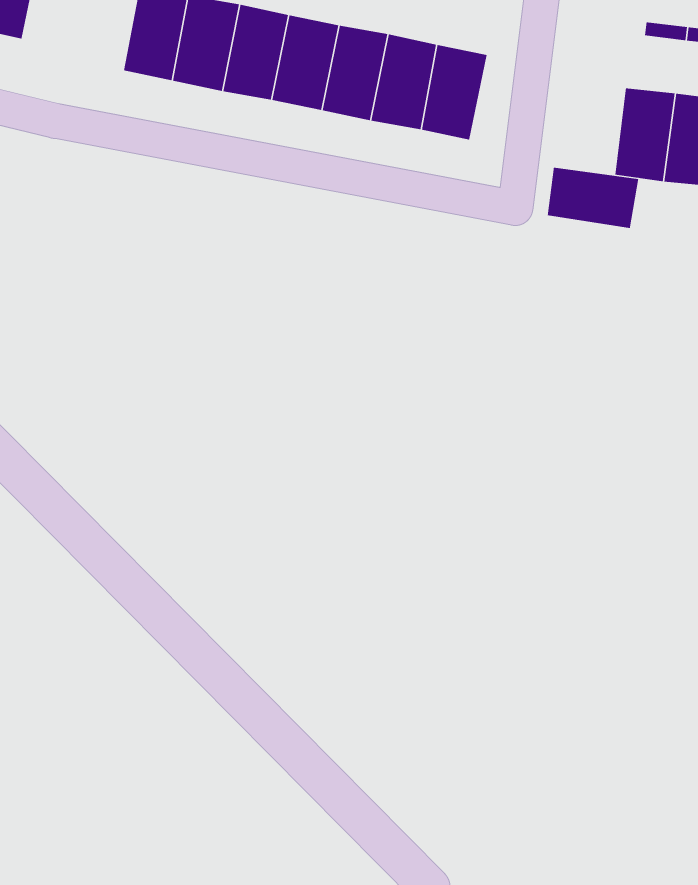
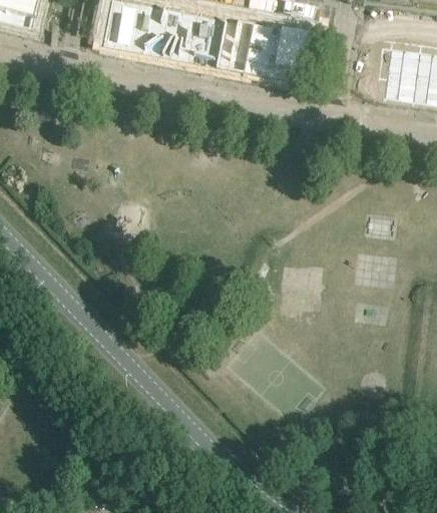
building: [547,167,639,229] -> none

